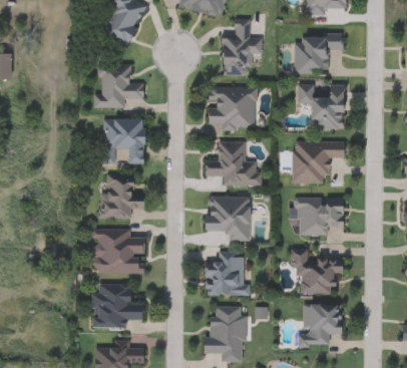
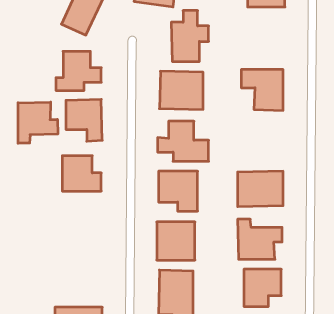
building: [295,34,343,72] -> none
building: none -> [18,102,58,143]
building: [293,141,346,183] -> none
building: [93,230,145,274] -> none
building: [92,284,144,329] -> none

